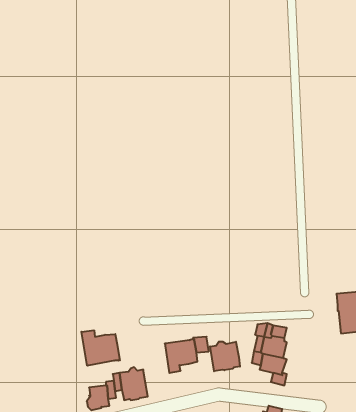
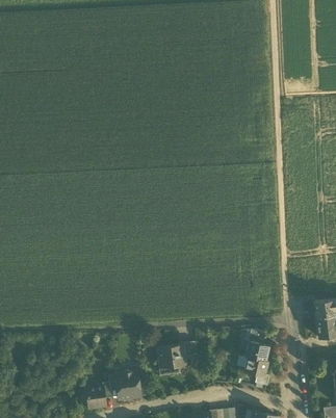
building: [81,330,120,366] -> none
building: [210,342,240,371] -> none

